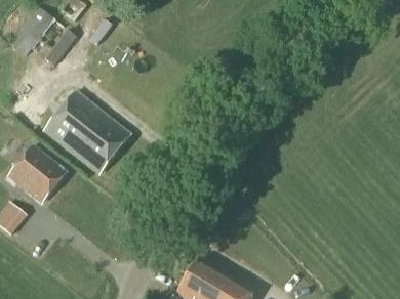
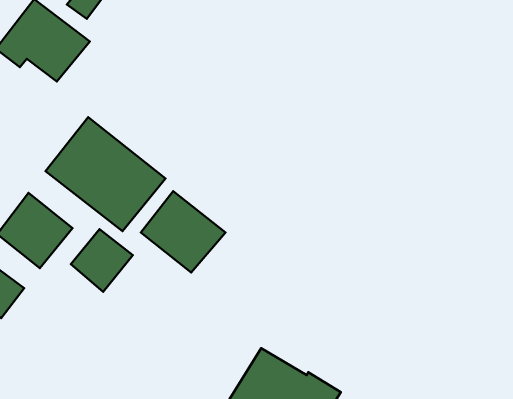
building: none -> [141,191,225,273]
building: none -> [71,229,133,292]

